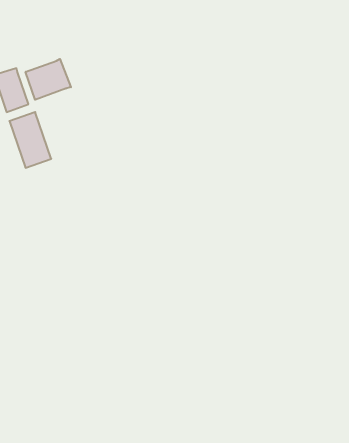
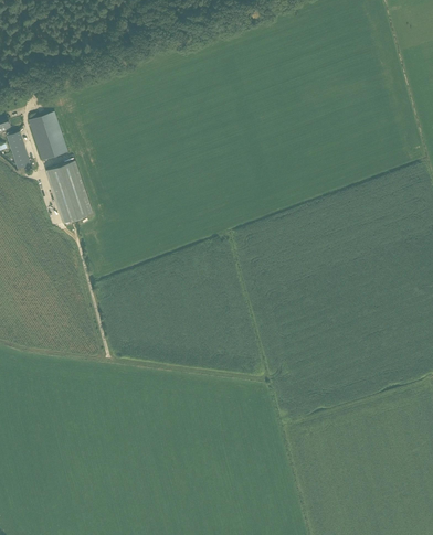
building: [26,59,71,100] -> none

